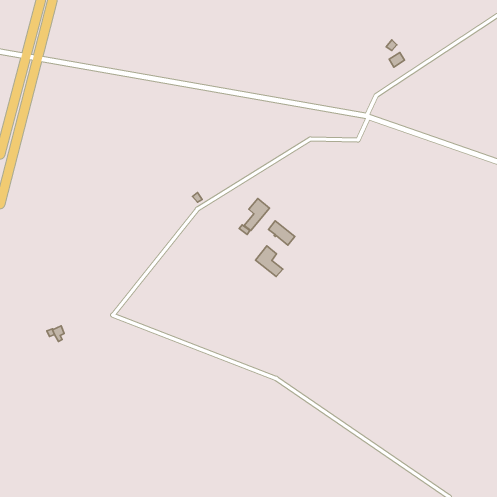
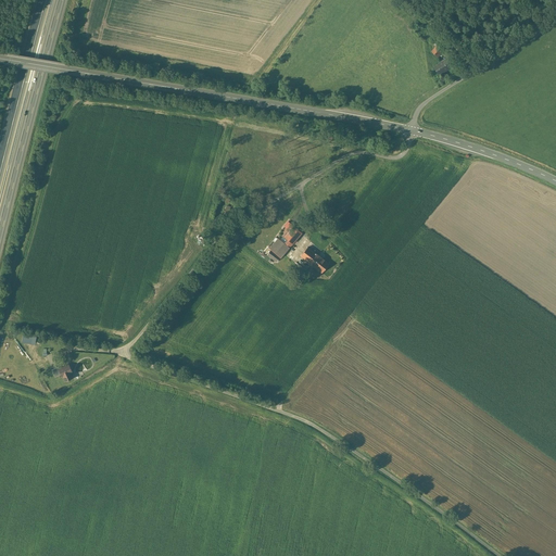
building: [255,246,283,277] -> none

